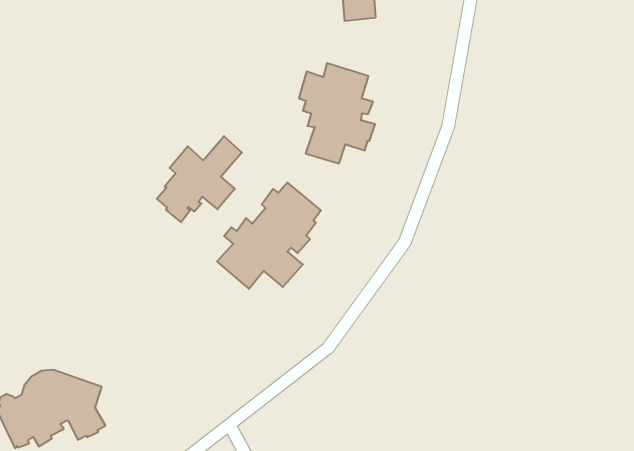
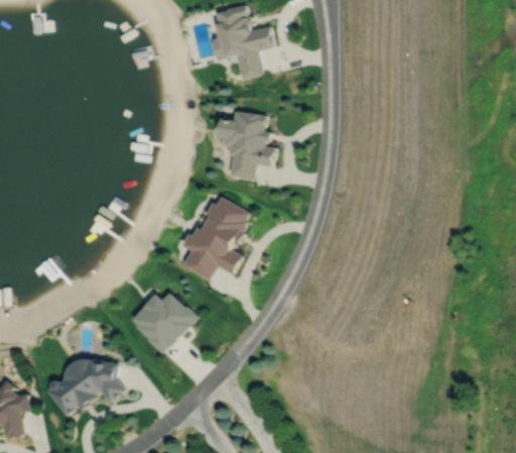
building: [157,136,242,222] -> none
building: none -> [131,290,198,351]

